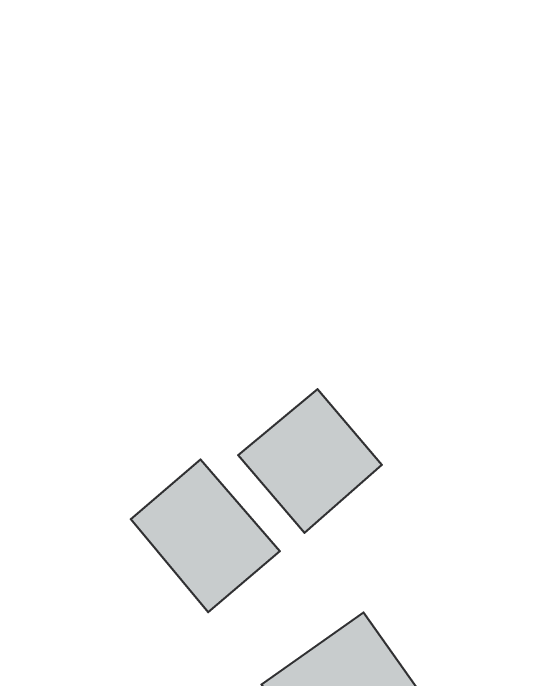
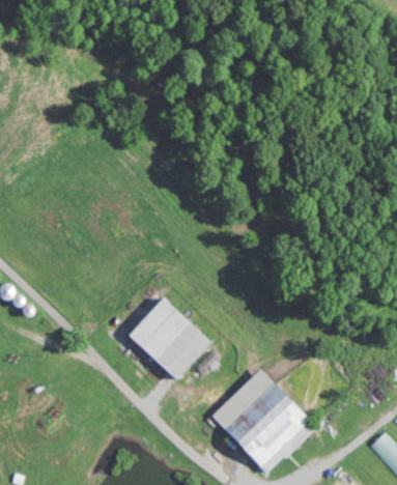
building: [238,389,382,533] -> none

